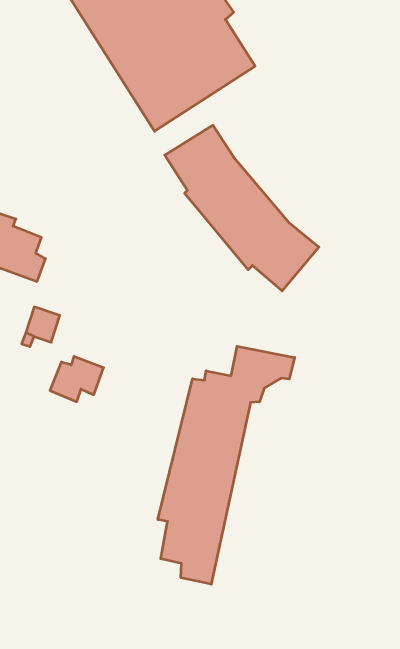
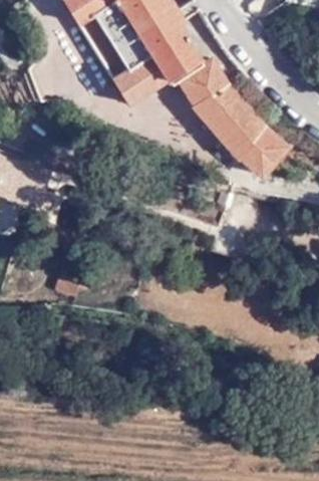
building: [165,125,319,291] -> [179,58,288,176]
building: [158,346,295,584] -> none

